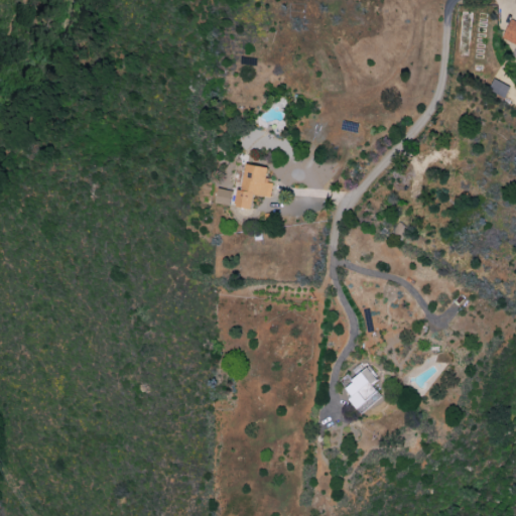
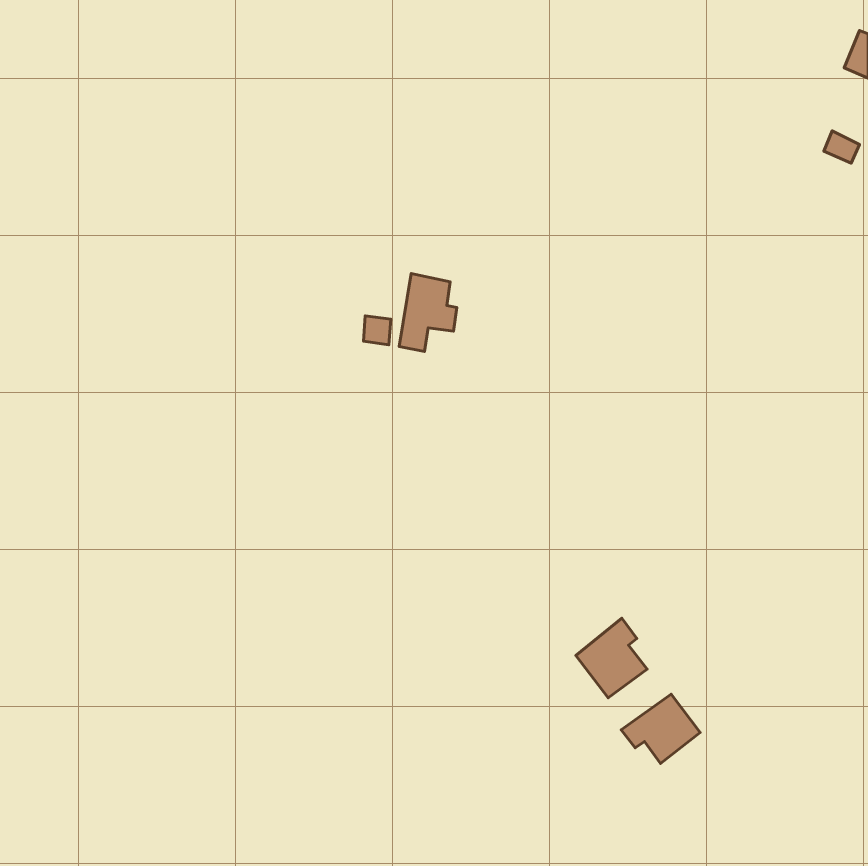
building: none -> [621,694,700,763]

